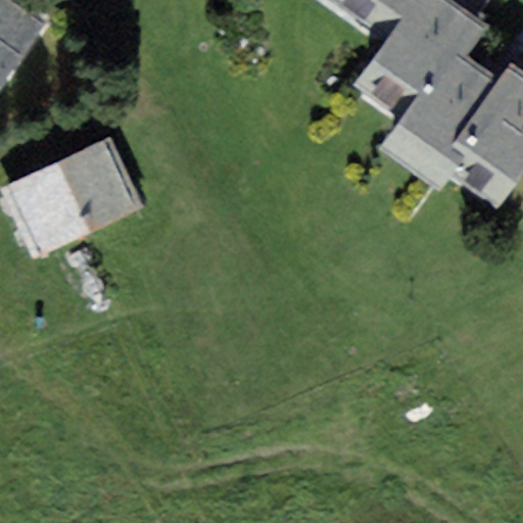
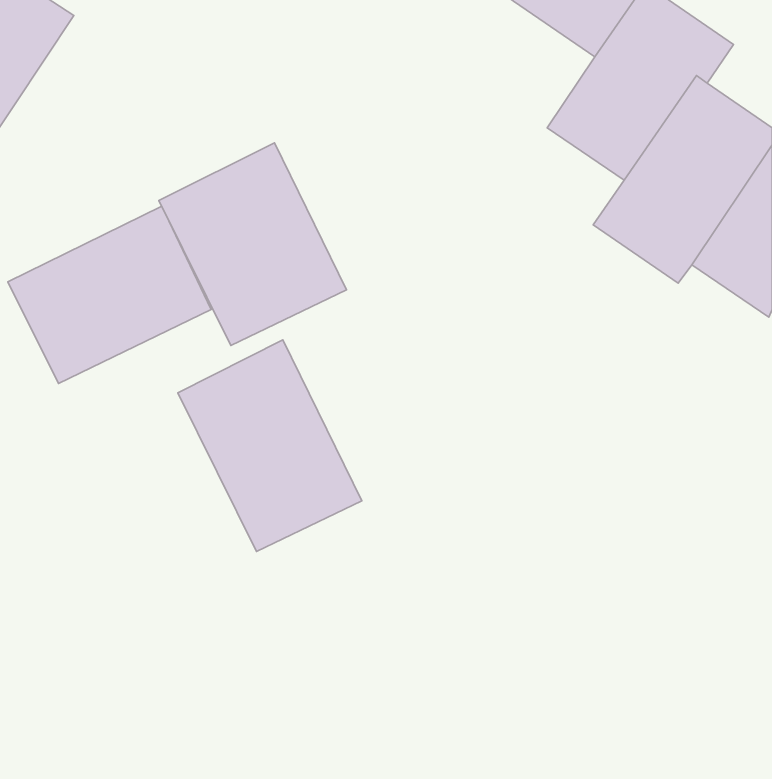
building: none -> [159,143,346,345]
building: none -> [178,340,362,551]

